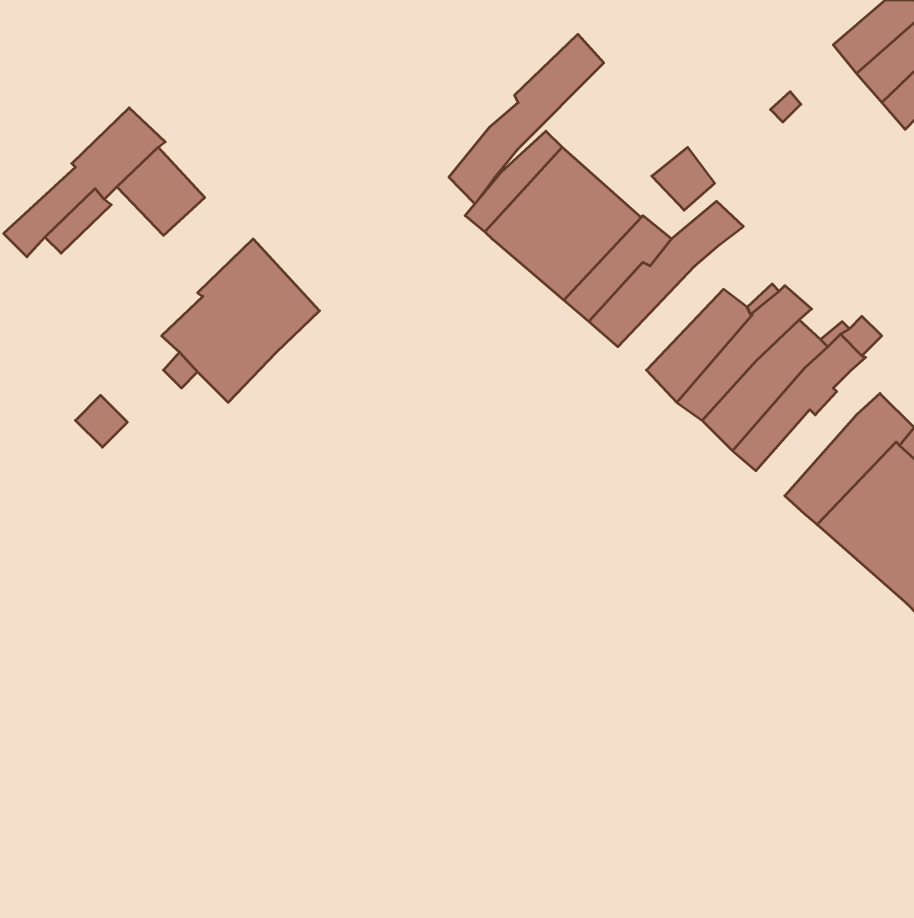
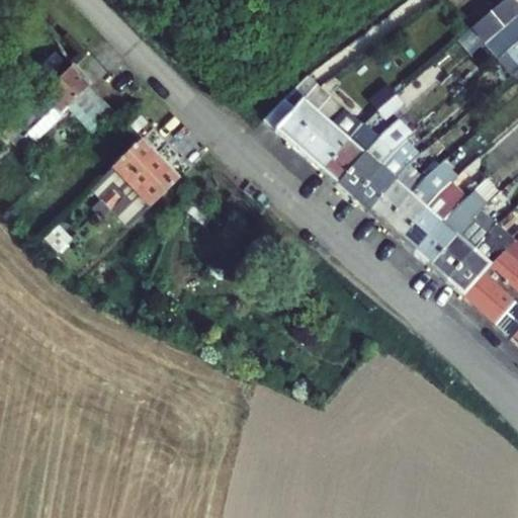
building: [449,34,604,204] -> none
building: none -> [350,138,422,208]
building: none -> [428,208,498,279]

